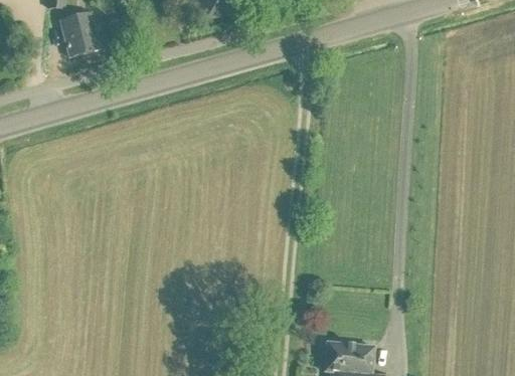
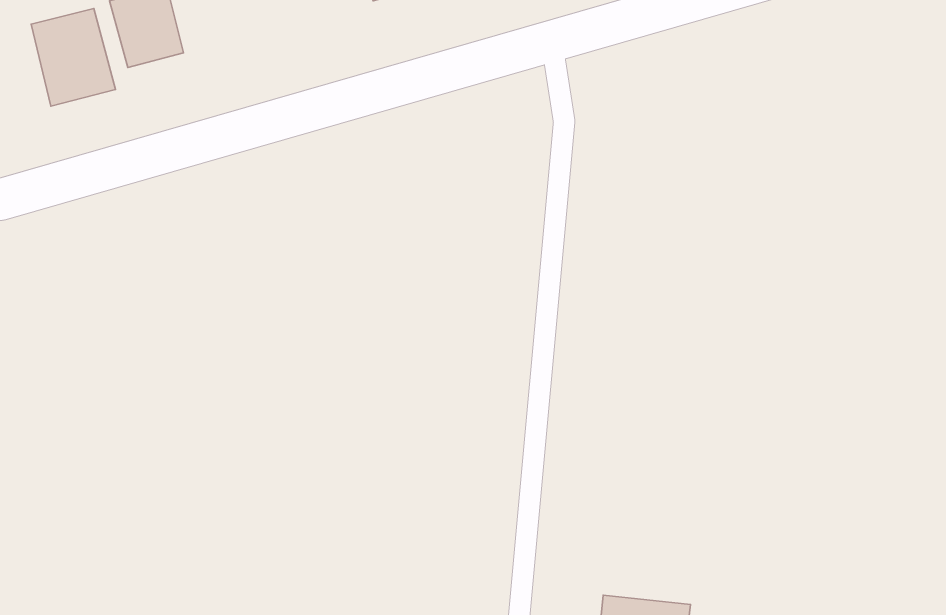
building: none -> [31,9,115,106]

